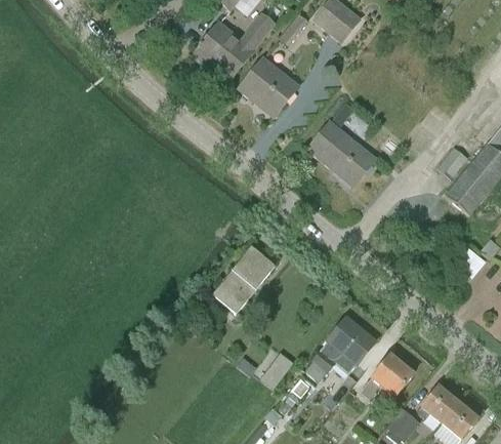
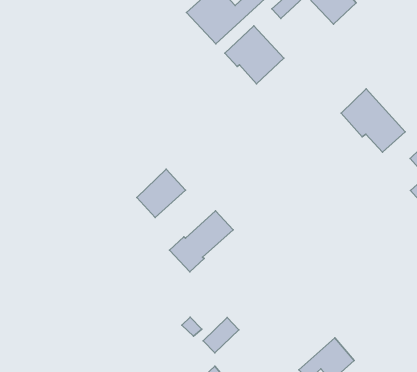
building: [309,124,376,185] -> [341,89,405,152]
building: none -> [137,169,185,218]
building: [305,318,374,380] -> none

